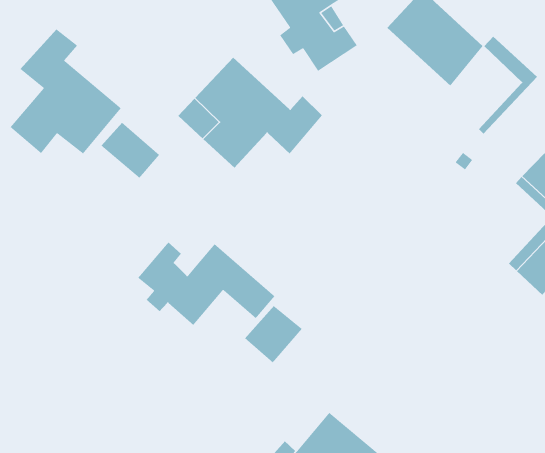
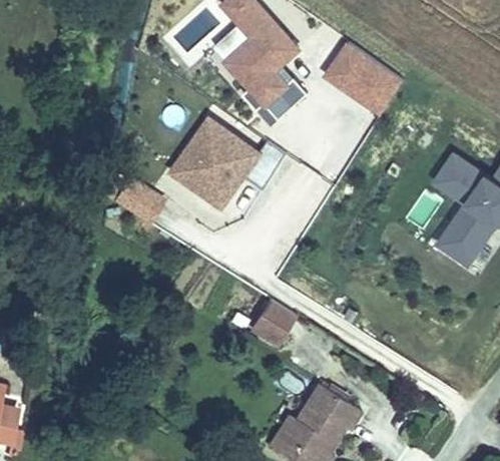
building: [9,29,122,155] -> none
building: [478,36,538,134] -> none
building: [137,242,276,326] -> none

